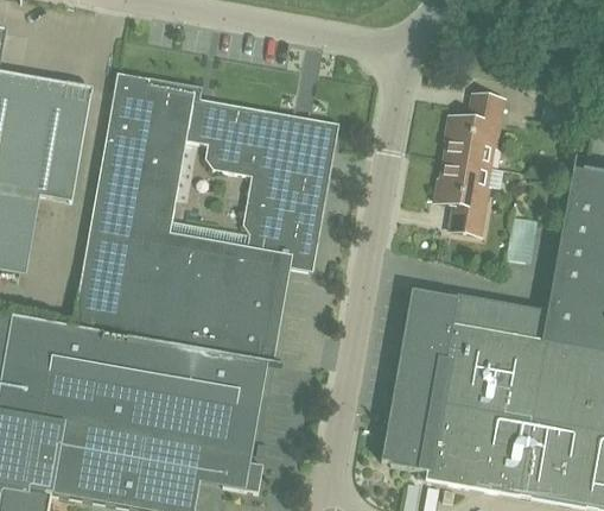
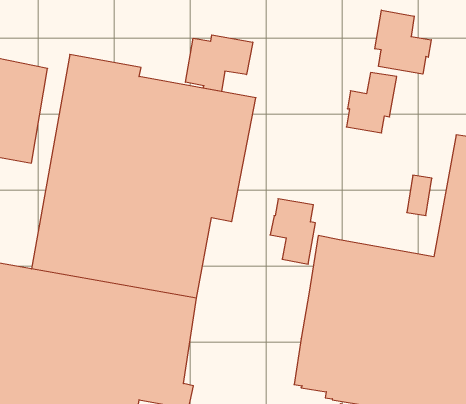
building: none -> [375,10,431,74]
building: none -> [185,35,253,91]
building: [435,158,489,235] -> [270,199,315,264]

